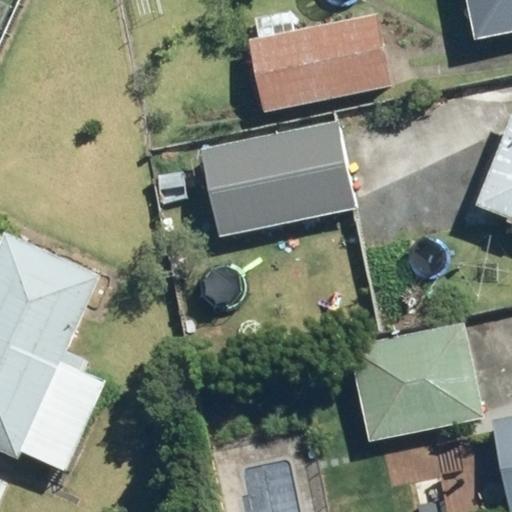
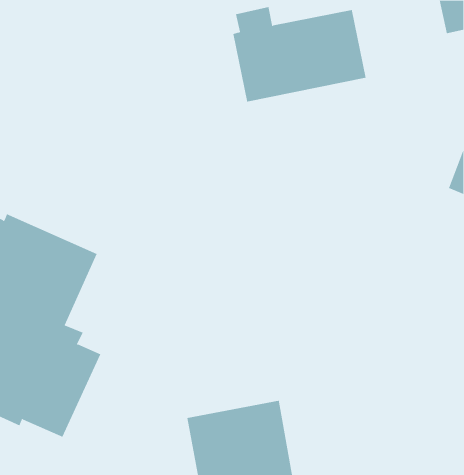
building: [201,121,355,238] -> none
building: [348,323,483,443] -> none

